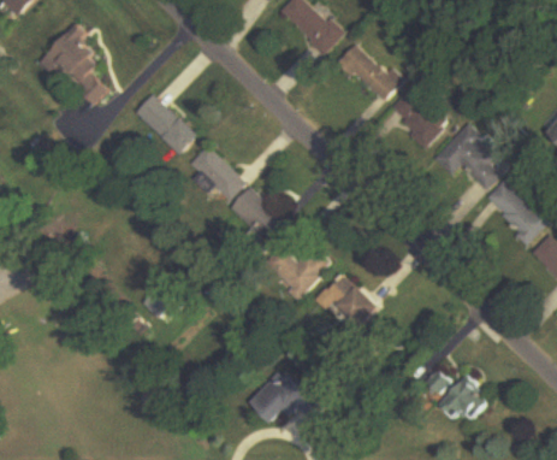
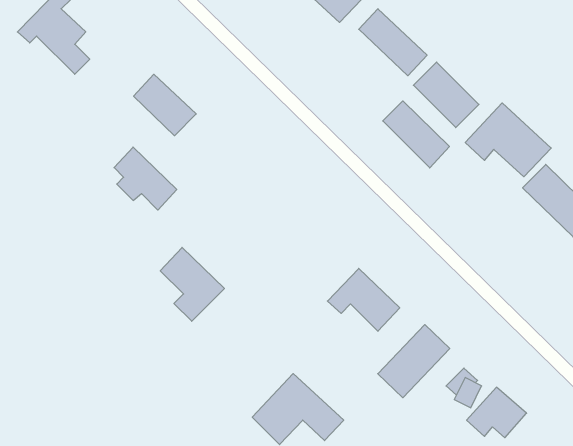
building: none -> [383,101,449,168]
building: [188,146,243,201] -> [114,147,177,210]
building: [227,187,284,252] -> [160,247,224,321]
building: [266,246,328,299] -> none
building: none -> [378,325,450,398]

